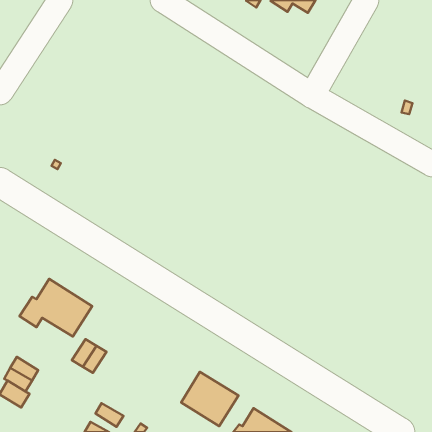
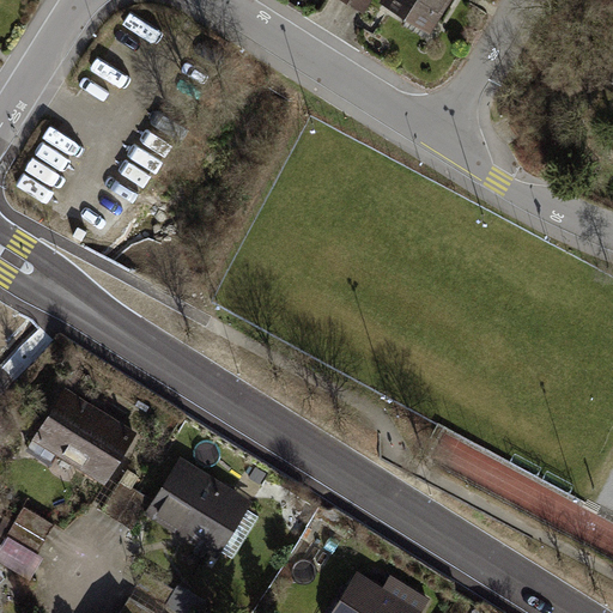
building: [181,372,239,426] -> [158,468,239,545]

